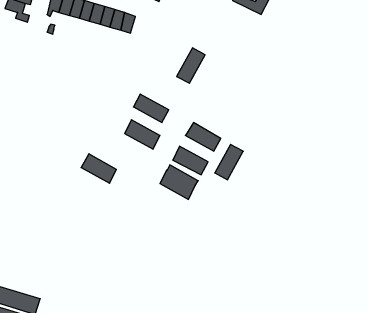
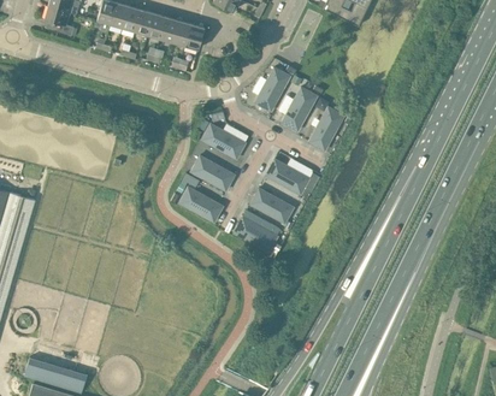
building: none -> [282,87,317,131]
building: [215,144,243,180] -> [308,107,343,150]
building: [81,154,116,183] -> [178,187,222,223]

